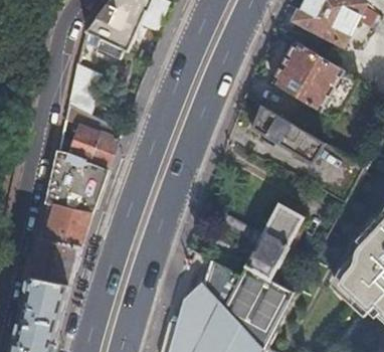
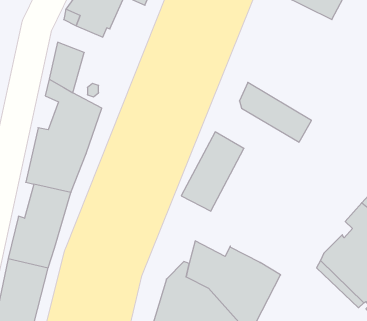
building: [271,39,345,110] -> none
building: [245,202,307,280] -> [181,132,244,211]

